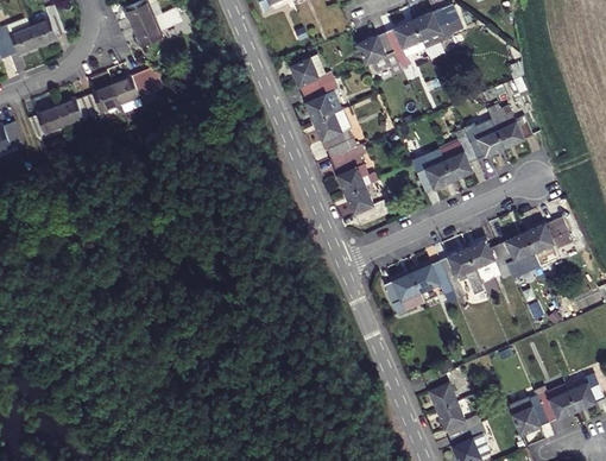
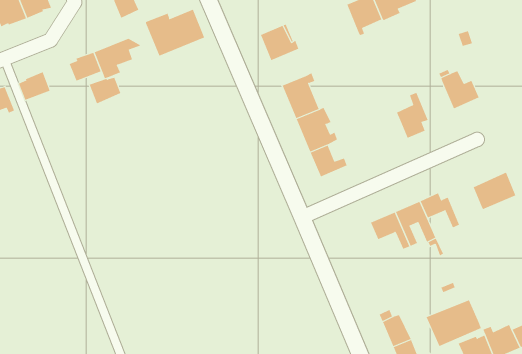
building: [358,32,398,71] -> none
building: none -> [145,9,205,57]
building: [303,81,341,121] -> none
building: [52,97,88,127] -> [89,77,121,104]
building: [463,116,504,159] -> none
building: [411,157,453,191] -> none
building: [498,233,534,274] -> none
building: [384,272,425,315] -> none
building: none -> [426,300,481,347]

